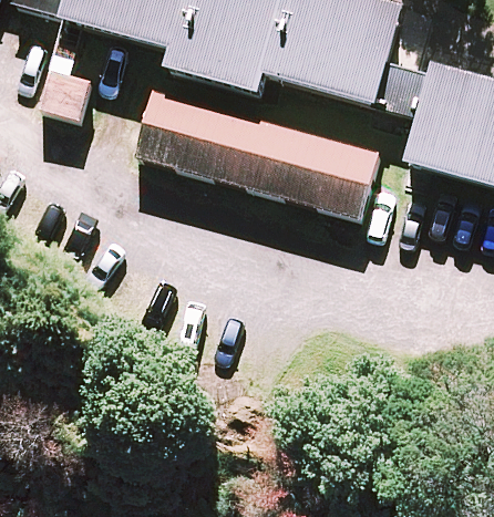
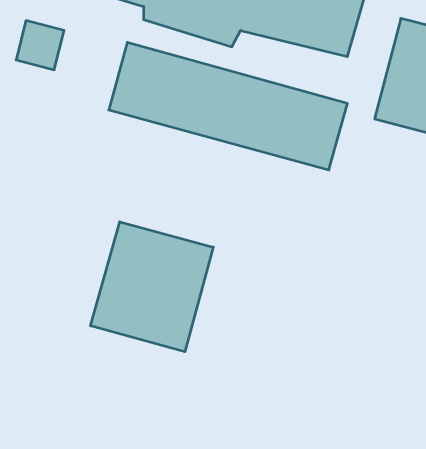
building: none -> [91,222,213,352]

